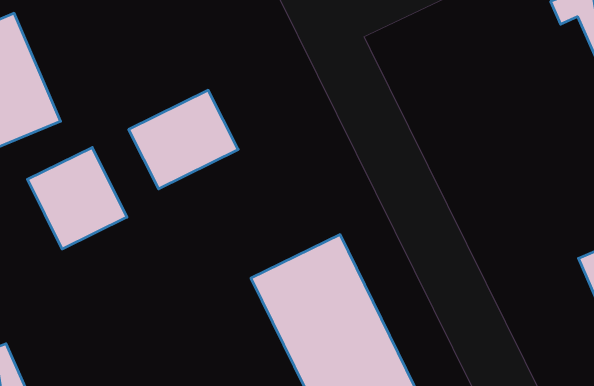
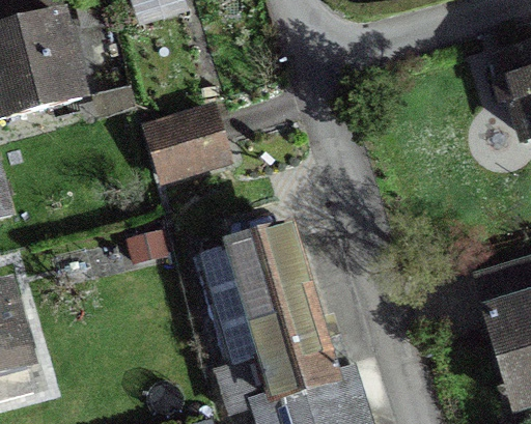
building: [27,147,127,249] -> none

